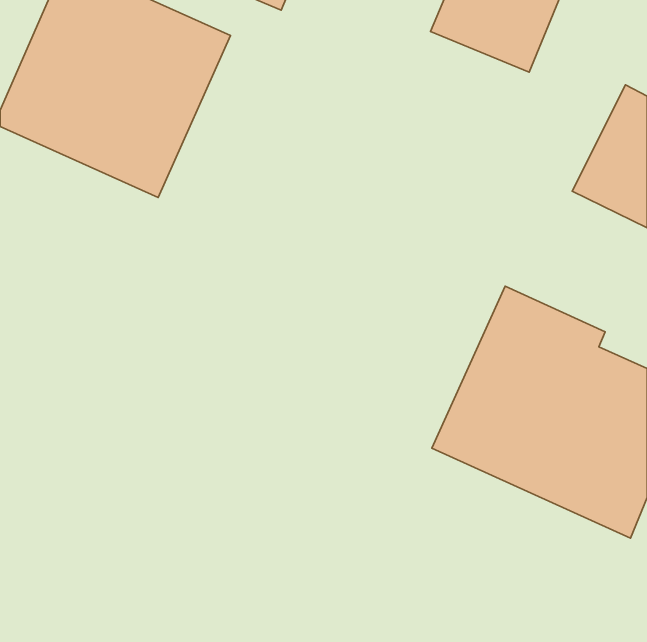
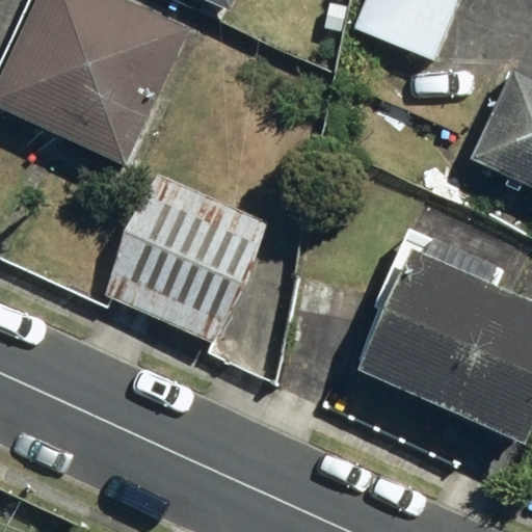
building: none -> [102,174,268,343]

